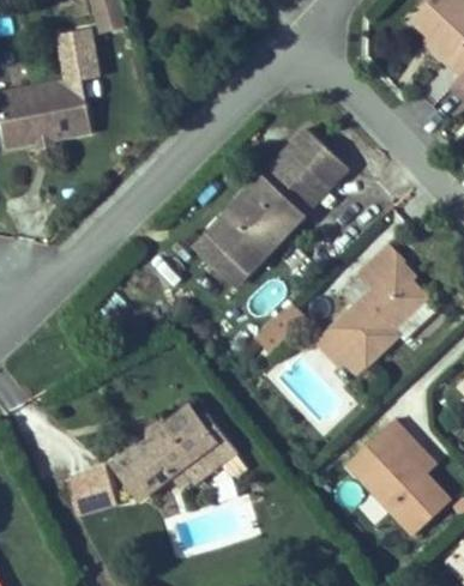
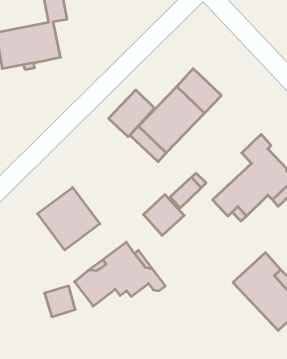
building: [288,128,348,187] -> none
building: none -> [109,90,155,137]
building: none -> [37,187,100,250]
building: none -> [143,194,184,235]

